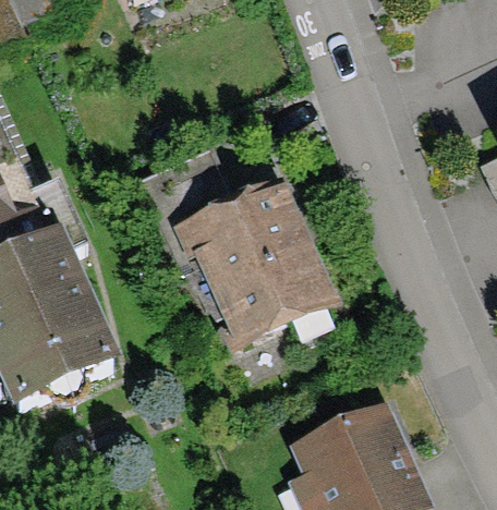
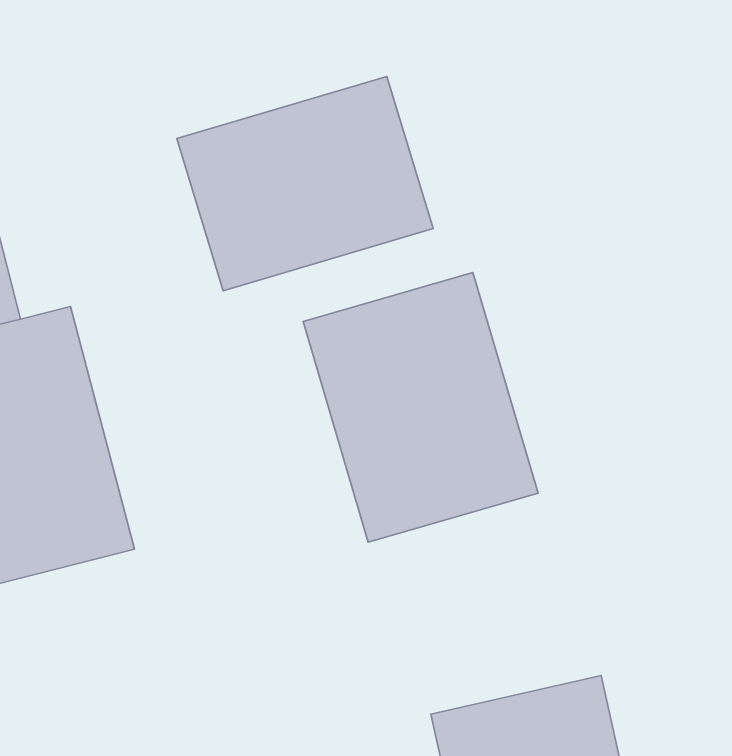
building: none -> [177,76,433,291]

